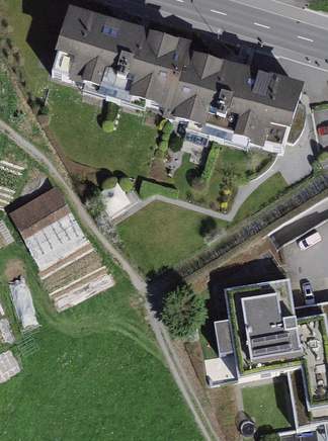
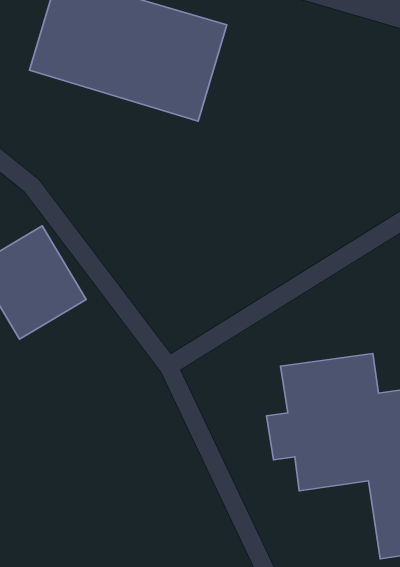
building: [165,49,303,151] -> none

